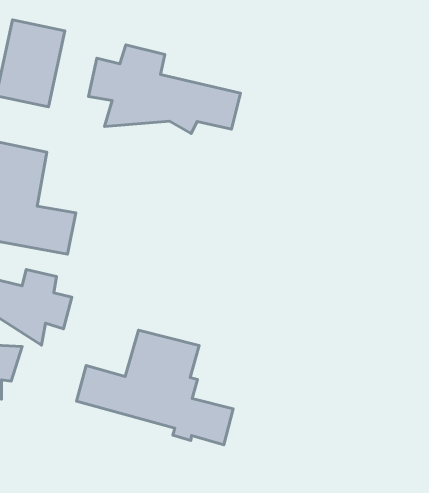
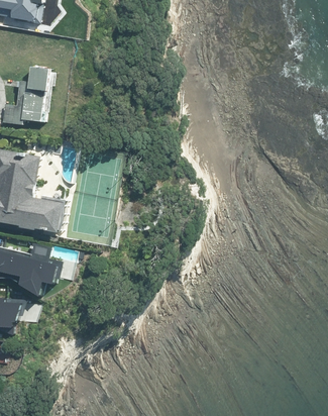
building: [88,45,241,133] -> none
building: [77,330,233,445] -> none

